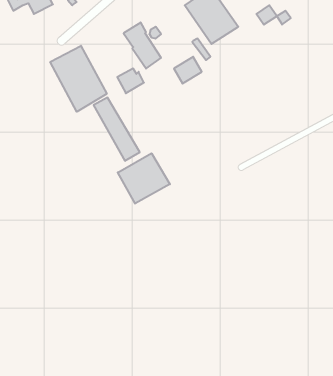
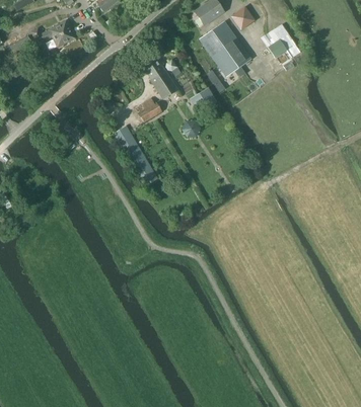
building: [50,46,107,112] -> none
building: [118,153,170,204] -> none

